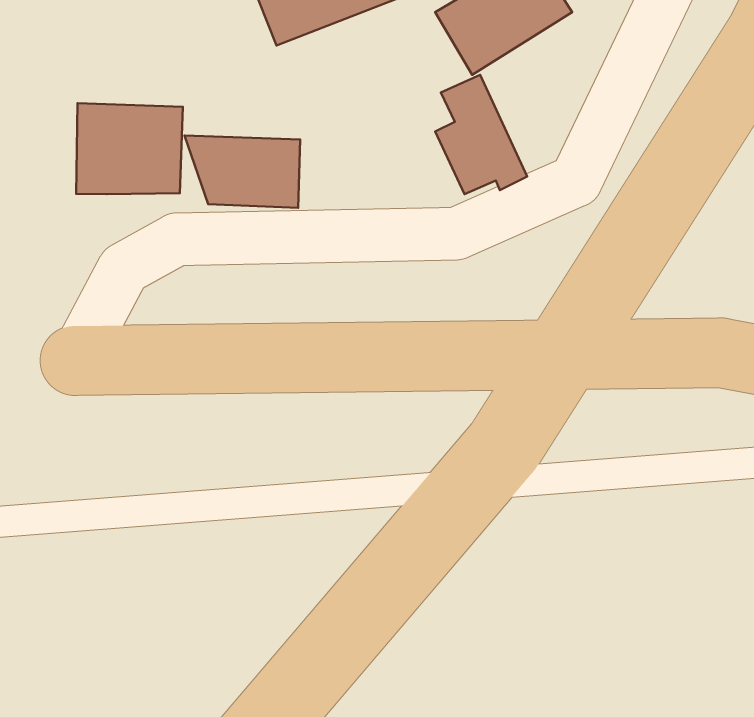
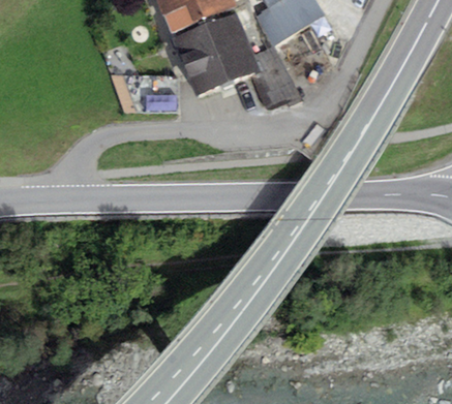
building: none -> [173,13,258,94]
building: [76,103,183,194] -> none

